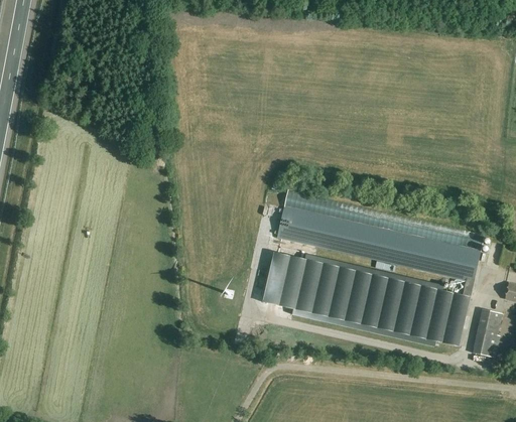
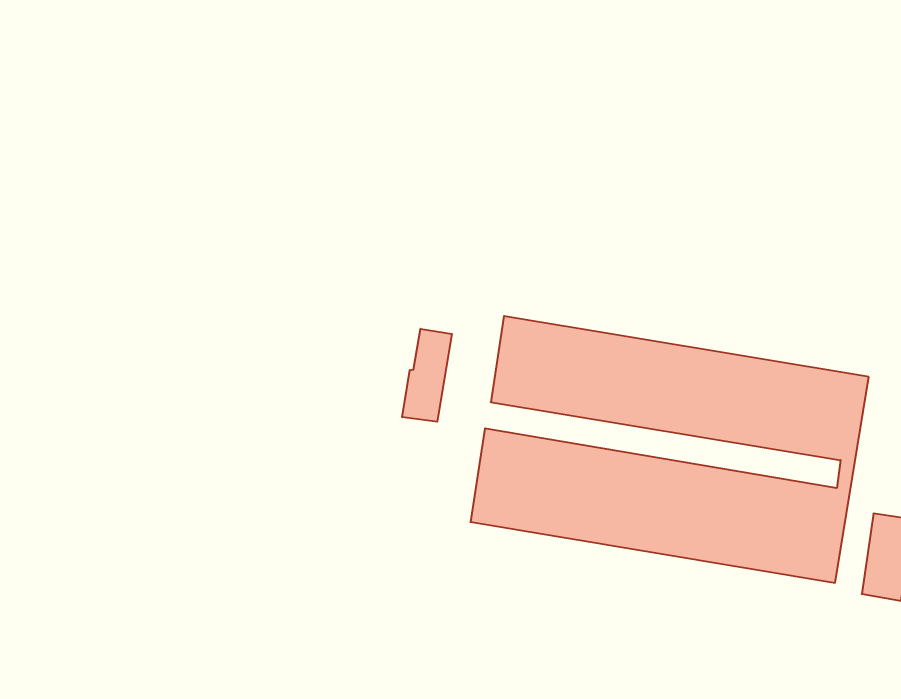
building: none -> [402,329,452,422]

